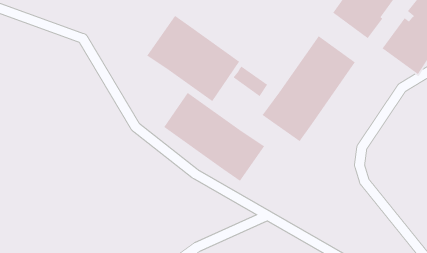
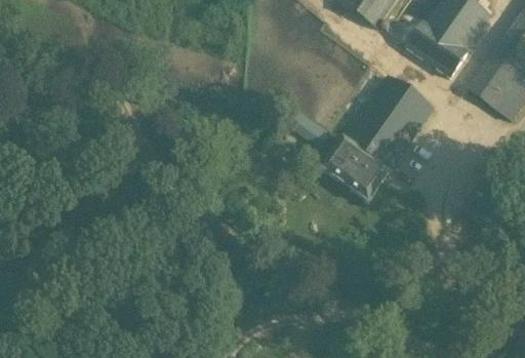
building: [146,15,240,102] -> none
building: [163,92,265,182] -> none

